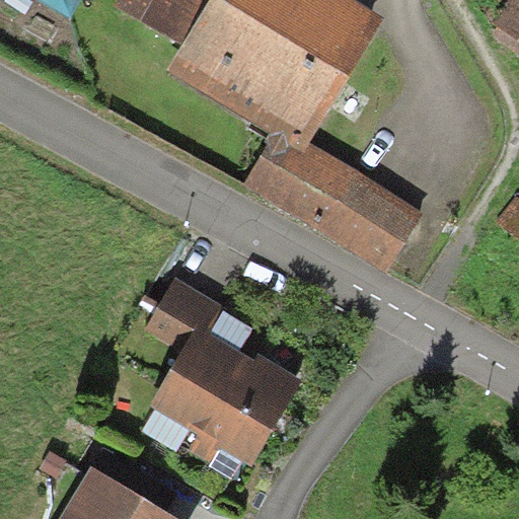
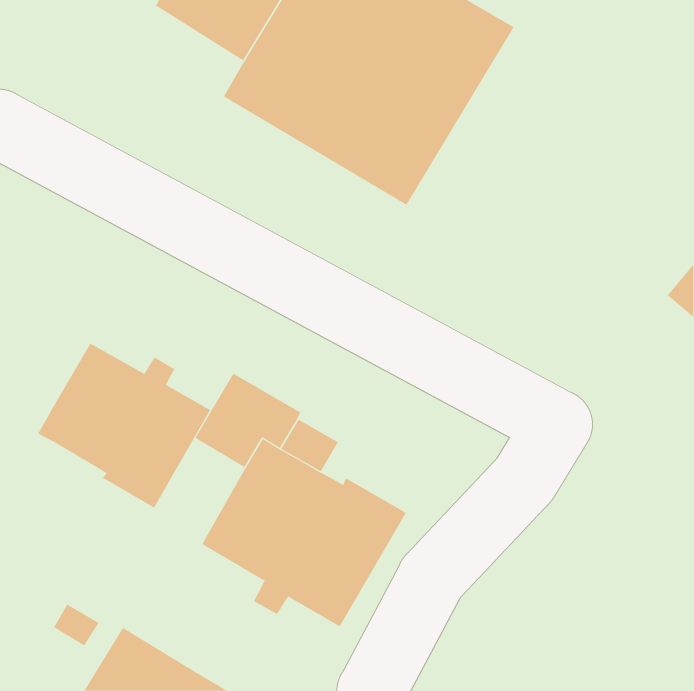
building: [243,136,422,271] -> none
building: none -> [38,343,211,508]

